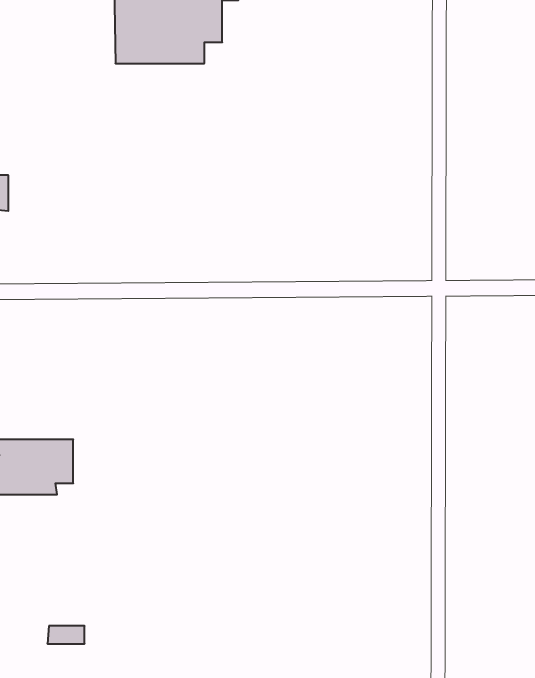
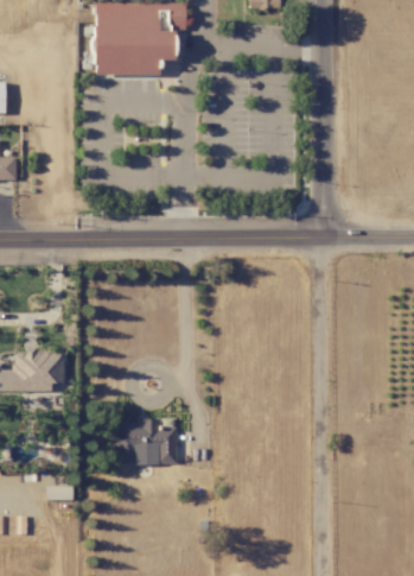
building: none -> [117,419,177,464]

